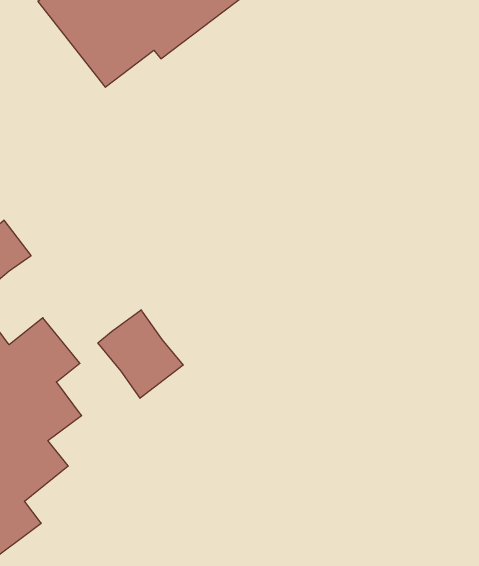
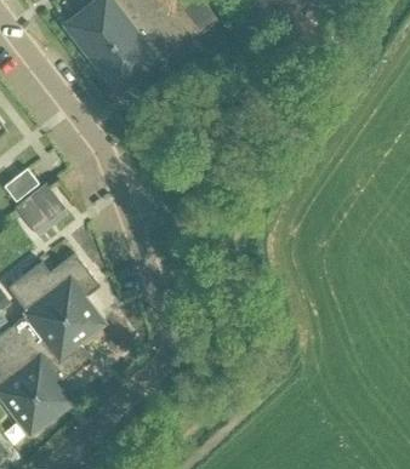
building: [98,310,183,398] -> none

